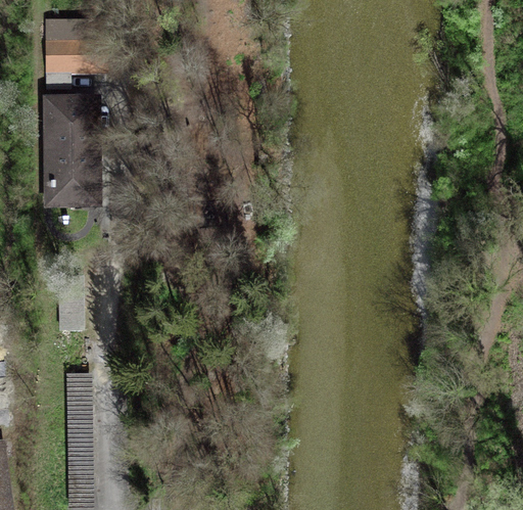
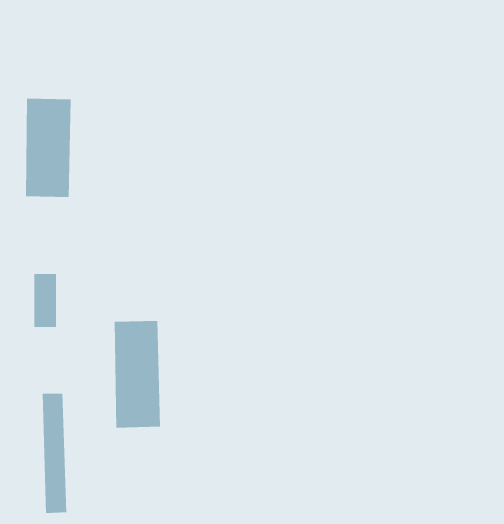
building: [45,17,92,77] -> none
building: none -> [114,320,161,428]

